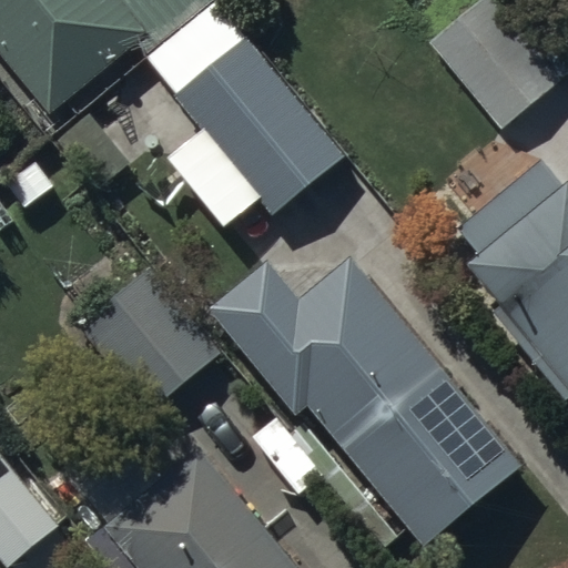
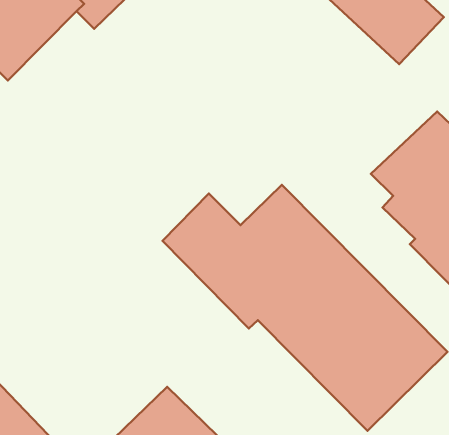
building: [178,58,345,233] -> none
building: [77,266,217,410] -> none

